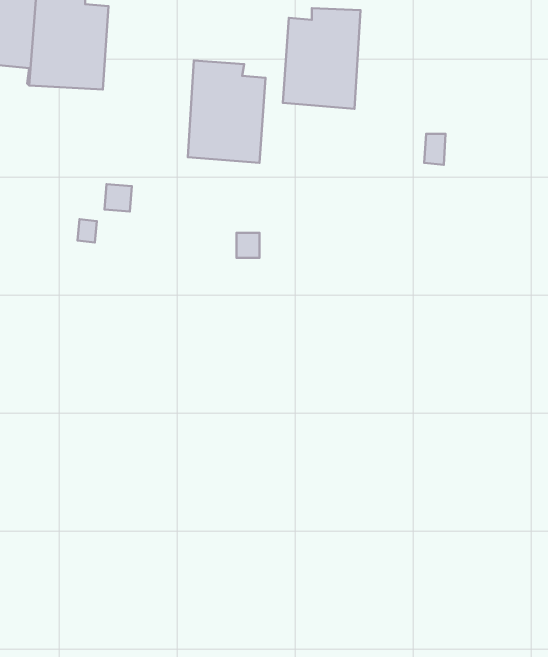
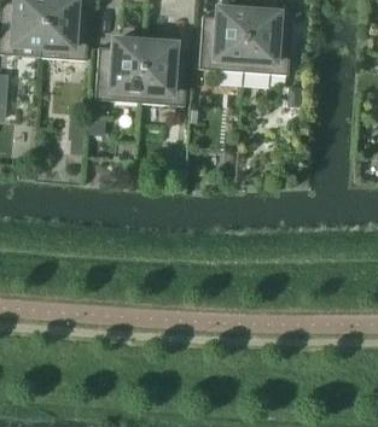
building: none -> [243,10,291,74]
building: none -> [94,39,143,101]

